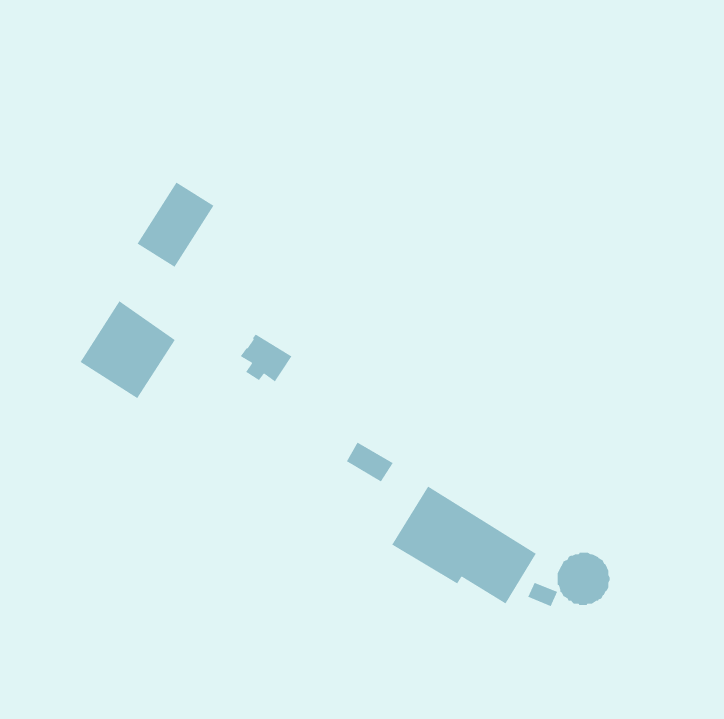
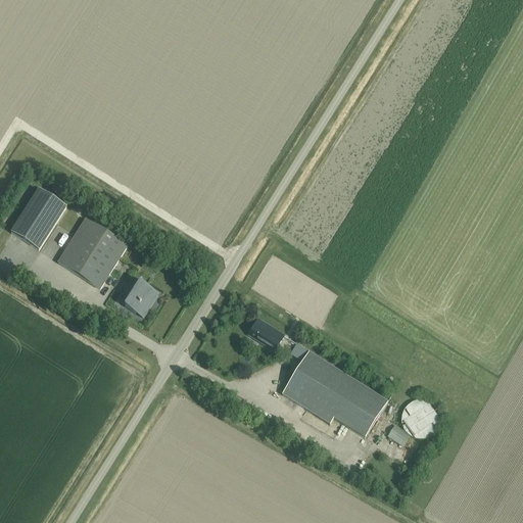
building: [137,182,214,268] -> [10,187,66,249]
building: [240,333,292,389] -> [121,277,158,317]

